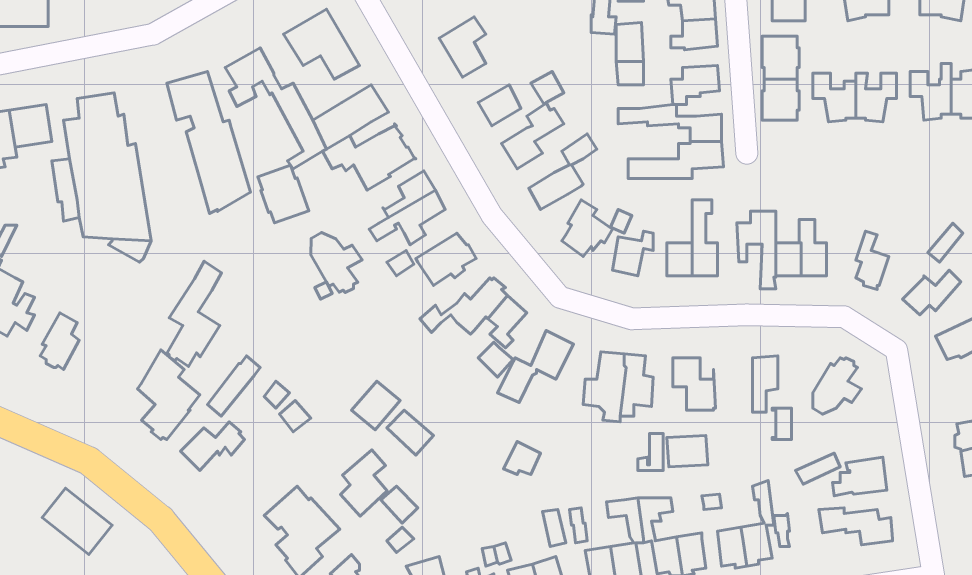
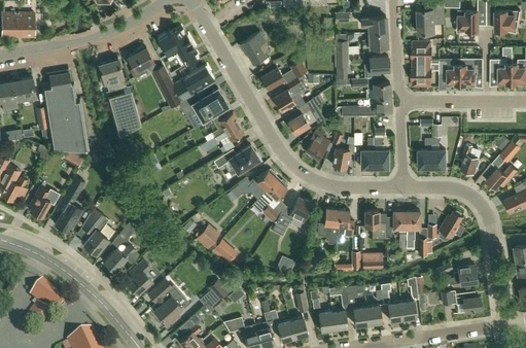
building: [258,165,309,223] -> none
building: [737,211,776,289] -> [386,211,407,252]
building: [311,232,362,292] -> none
building: [167,261,222,366] -> [56,176,84,232]
building: [341,450,387,516] -> [128,259,152,294]

